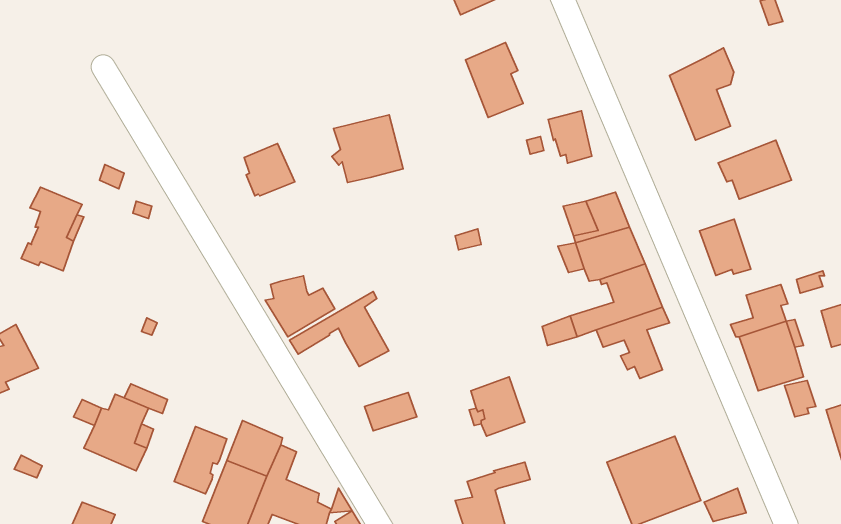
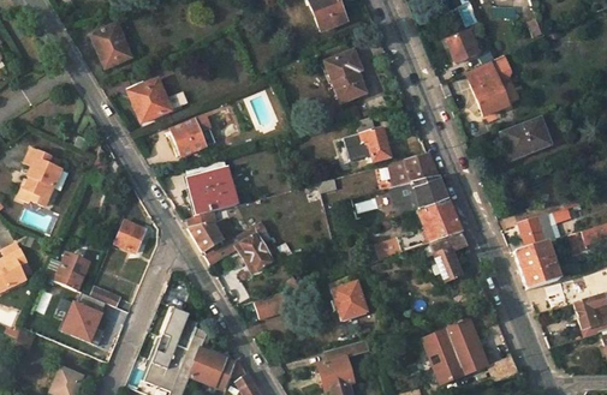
building: none -> [93,28,130,68]
building: none -> [446,30,477,62]
building: none -> [129,79,171,122]
building: [548,111,592,163] -> [358,126,388,162]
building: [332,115,403,183] -> [186,167,236,214]
building: [700,219,751,276] -> none
building: none -> [114,220,144,252]
building: none -> [44,250,89,291]
building: [174,426,227,494] -> none

